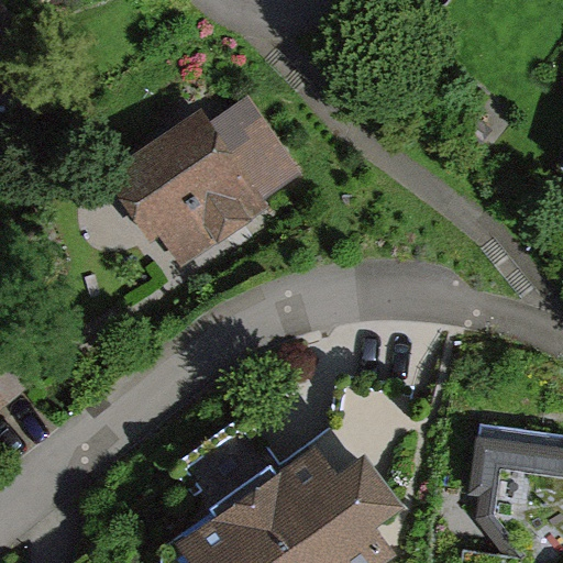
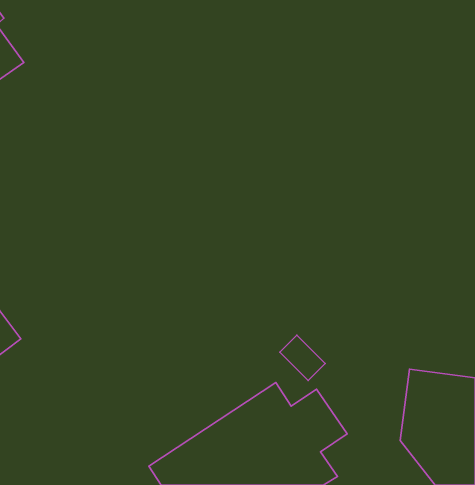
building: [112,109,291,264] -> none

